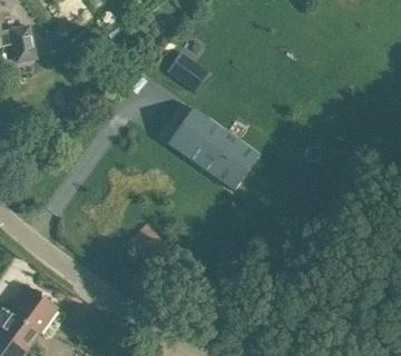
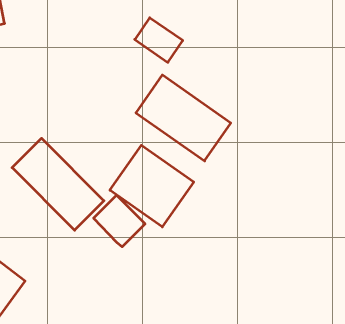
building: none -> [12,138,104,230]
building: none -> [110,145,194,227]

